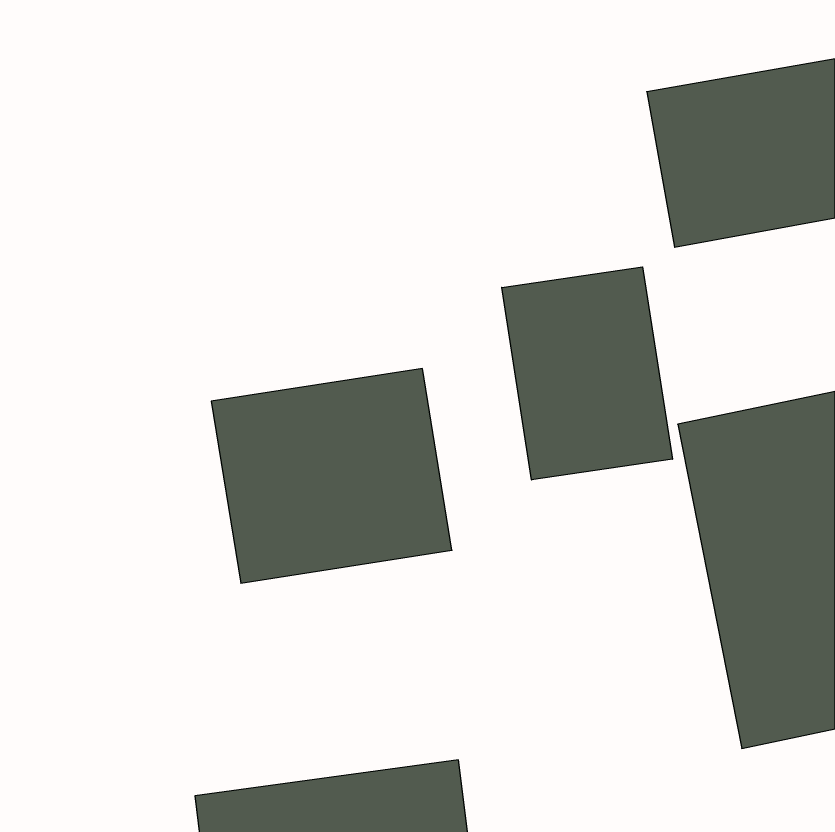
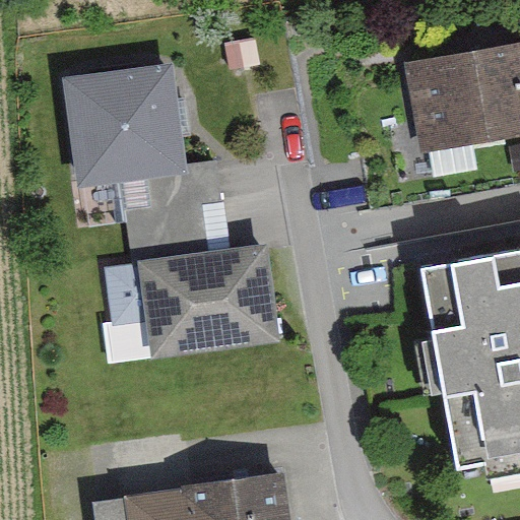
building: none -> [65,62,191,190]
building: [502,267,672,480] -> none

